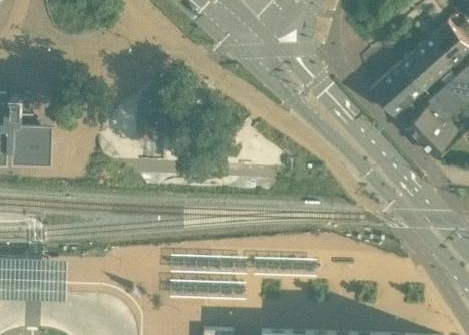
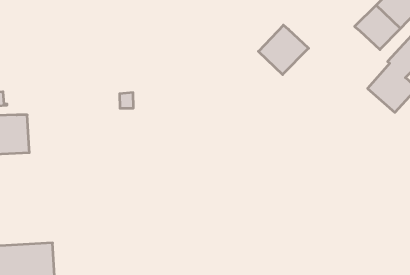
building: [370,63,422,114] -> [258,25,309,75]

